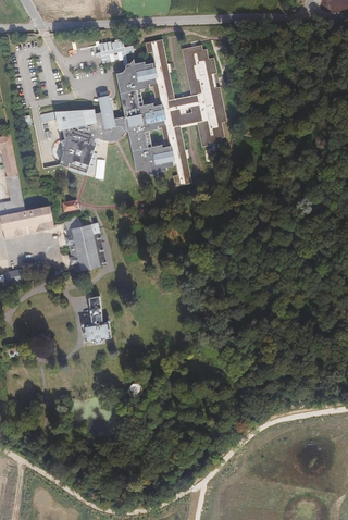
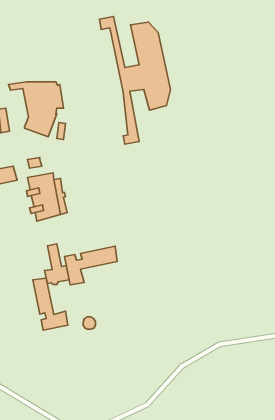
building: [99,64,176,177] -> none
building: none -> [65,246,117,285]
building: none -> [33,278,68,330]

